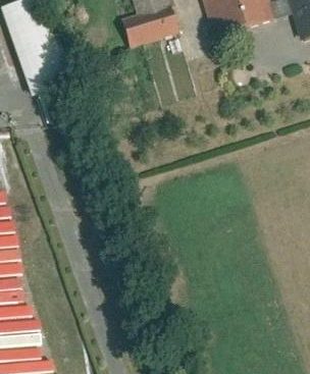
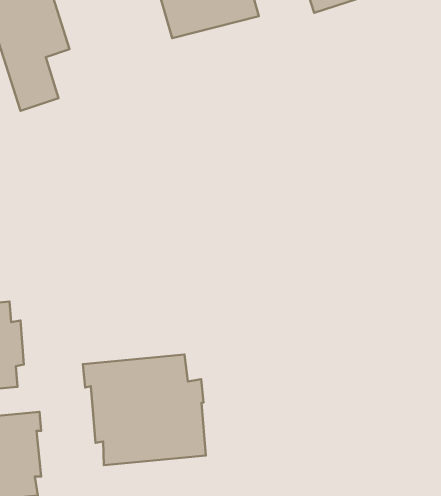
building: none -> [83,355,206,465]

